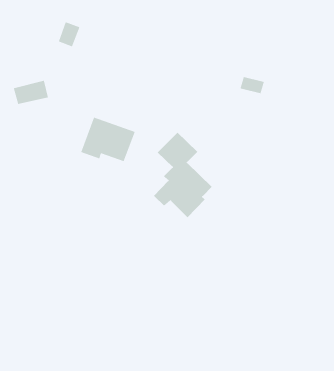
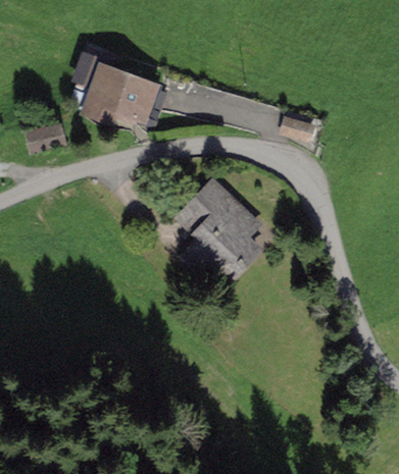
building: [80,116,136,162] -> [89,67,152,119]

